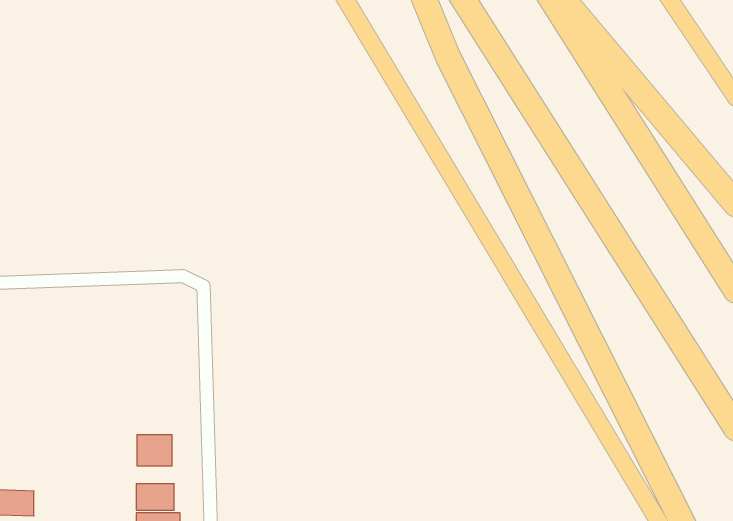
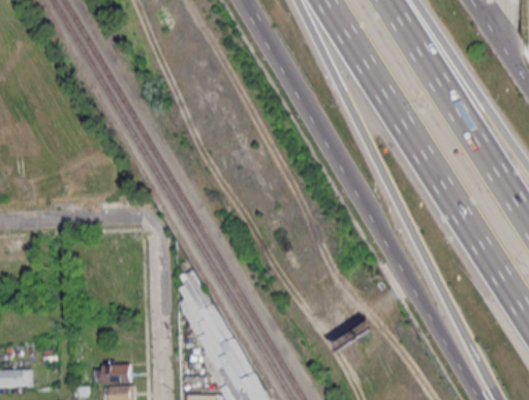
building: [137,435,172,466] -> none

